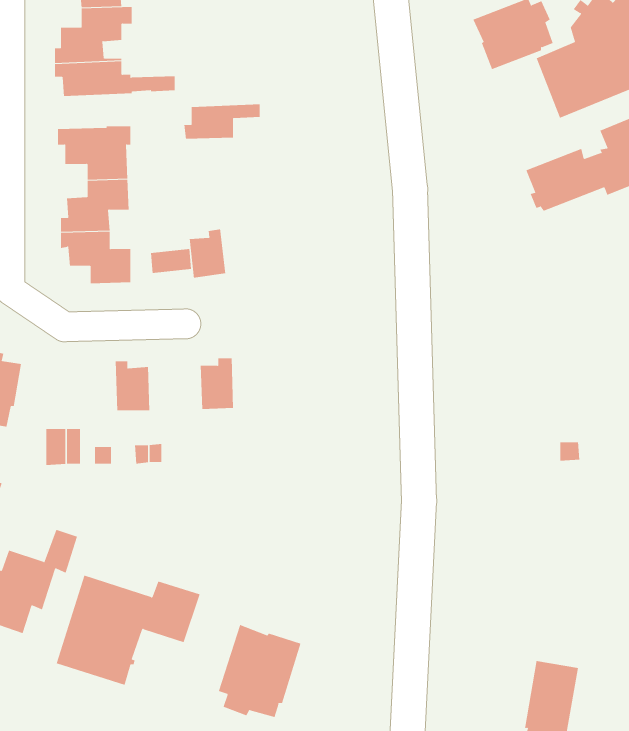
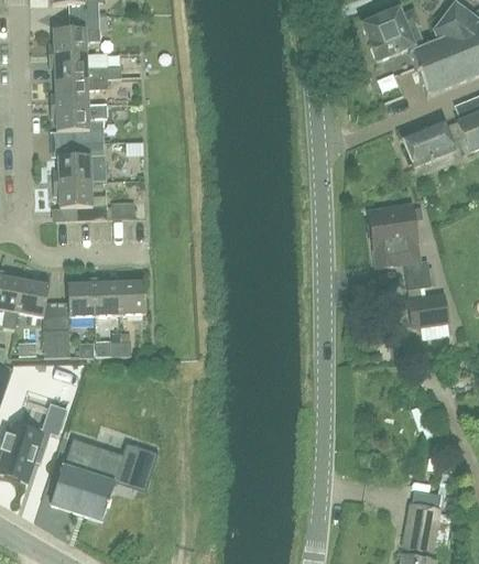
building: [184,104,260,139] -> [51,78,108,105]
building: [189,229,226,278] -> none
building: none -> [369,205,449,327]
building: [200,358,234,410] -> [120,276,145,315]
building: none -> [20,278,51,316]
building: none -> [68,278,96,316]
building: [218,624,301,718] -> none

